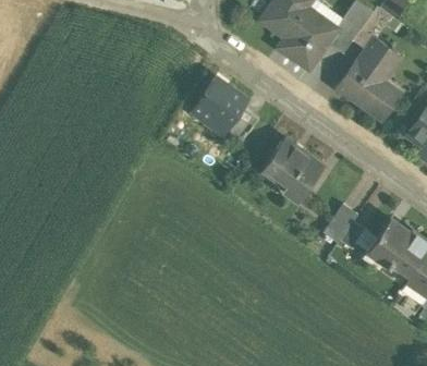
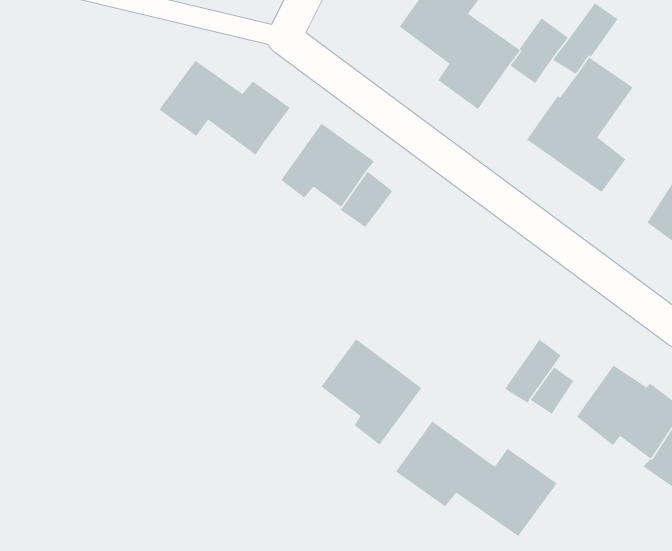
building: none -> [158,60,291,155]
building: [263,138,322,202] -> [321,338,422,445]
building: none -> [395,421,558,537]

